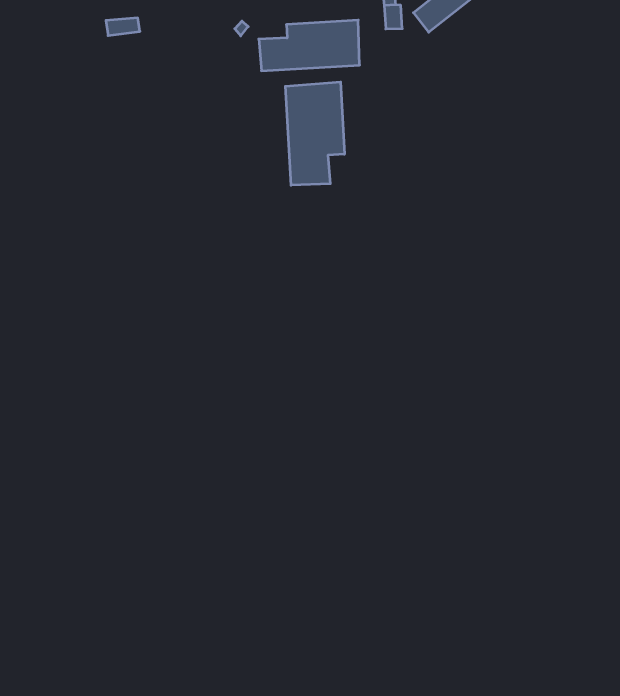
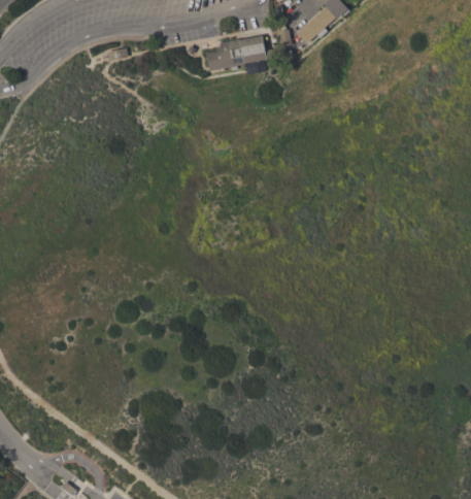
building: [285,82,344,185] -> none

